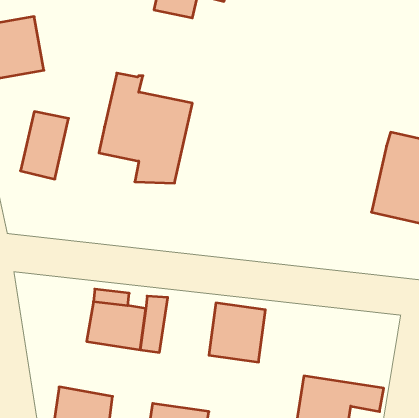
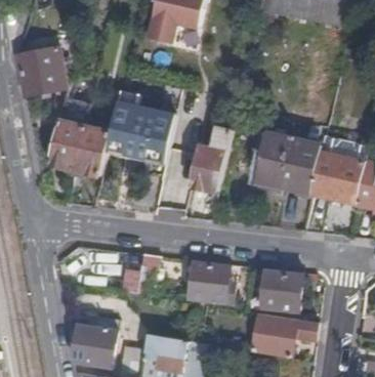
building: none -> [73,123,110,174]
building: none -> [189,125,231,192]
building: none -> [248,130,320,194]
building: none -> [259,268,301,311]

